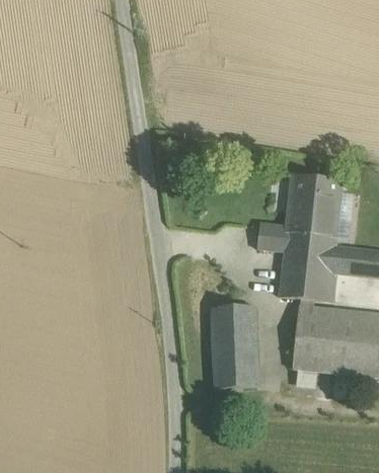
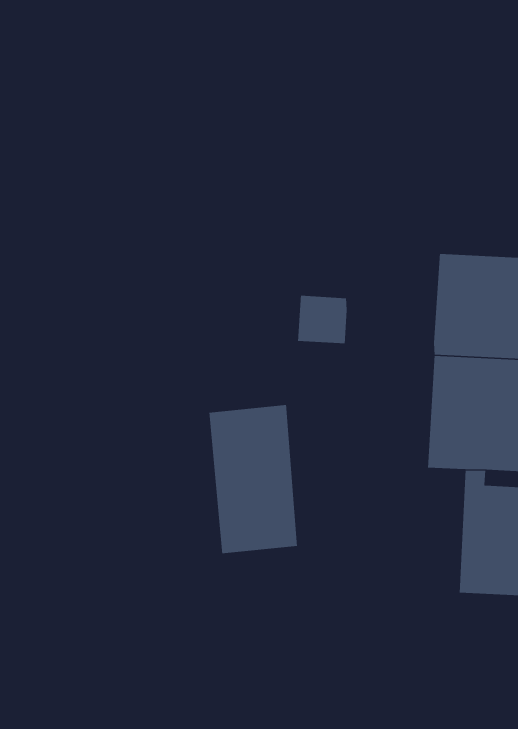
building: [256,221,286,250] -> [297,295,347,344]
building: [211,305,257,388] -> [209,404,298,554]

